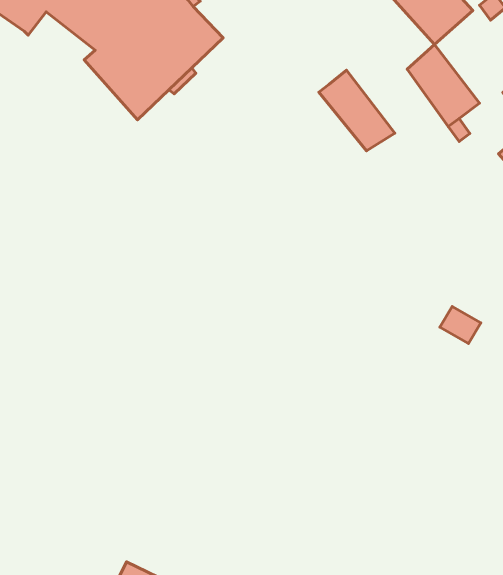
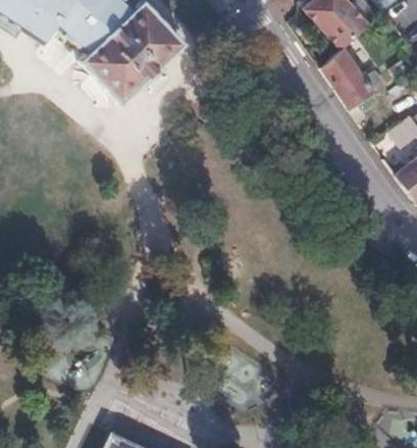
building: [319,70,395,151] -> none

